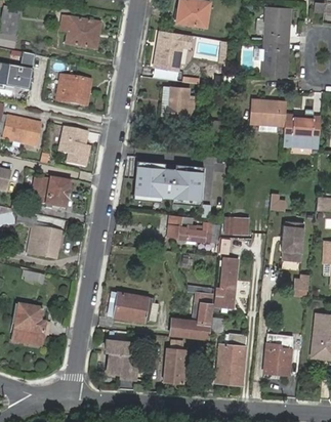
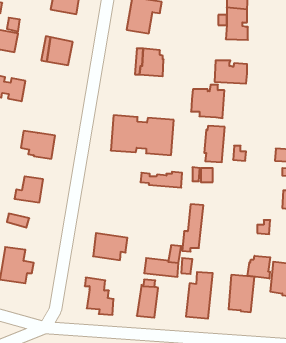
building: [284,109,321,145] -> [191,85,224,118]
building: [60,126,92,166] -> none
building: [283,221,305,261] -> [204,126,225,162]
building: none -> [247,256,270,279]

